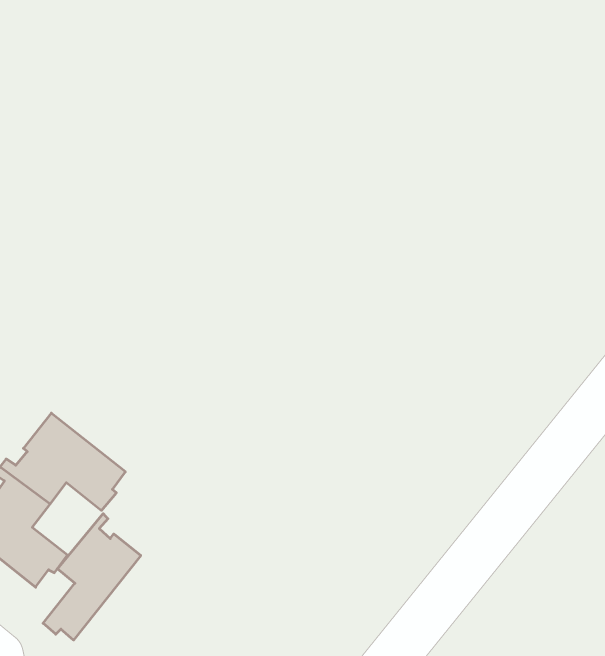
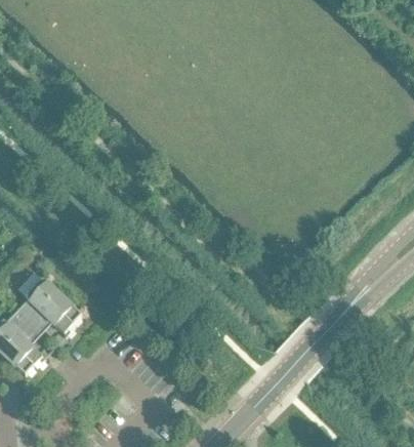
building: [43,514,141,640] -> none

